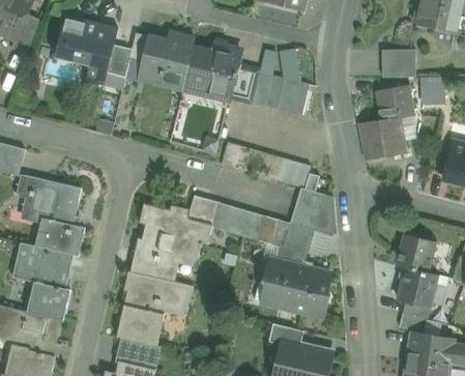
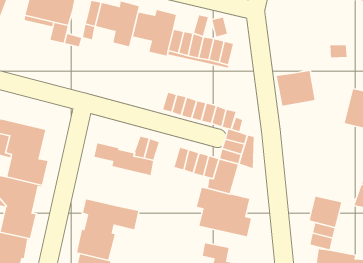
building: [107,46,132,78] -> none
building: [382,50,415,78] -> none
building: [376,86,415,120] -> none
building: [211,203,242,234] -> none
building: [129,222,201,281] -> none
building: [396,233,437,273] -> none

